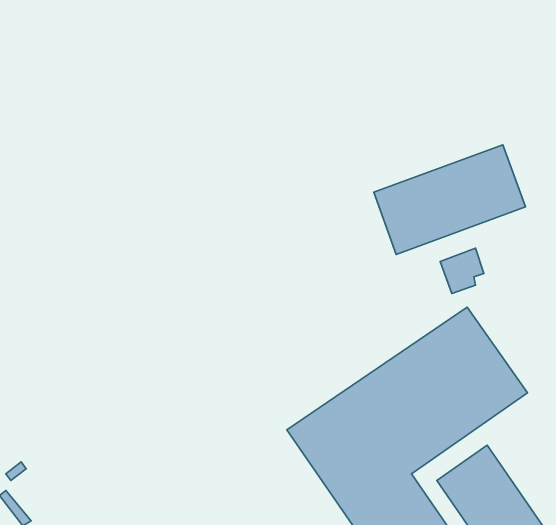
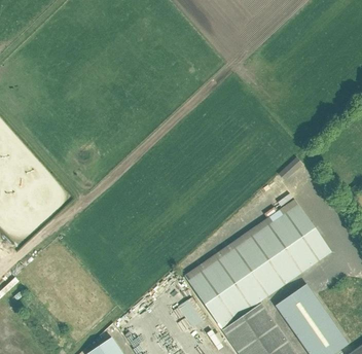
building: [374,145,525,255] -> none

